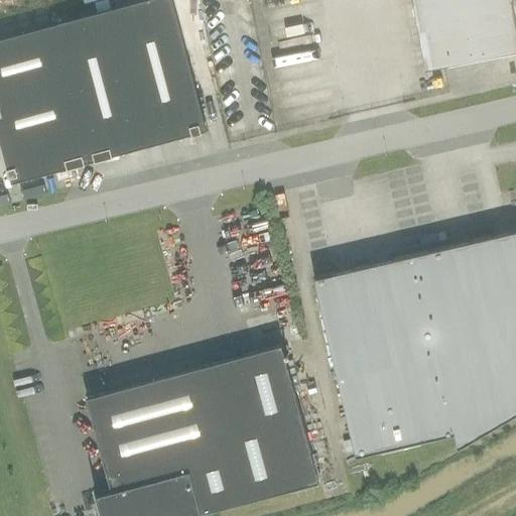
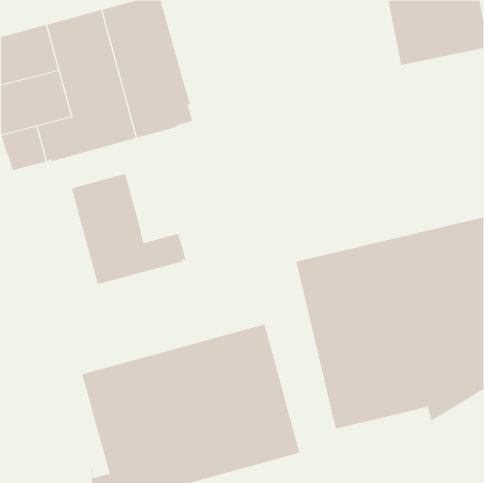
building: none -> [71,173,186,285]

